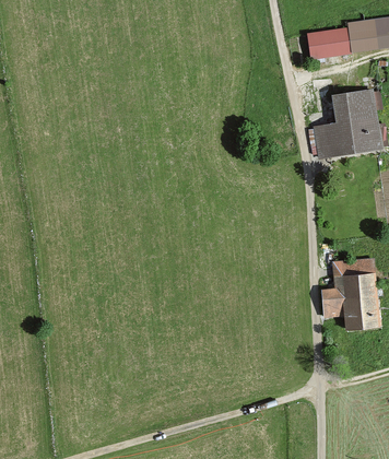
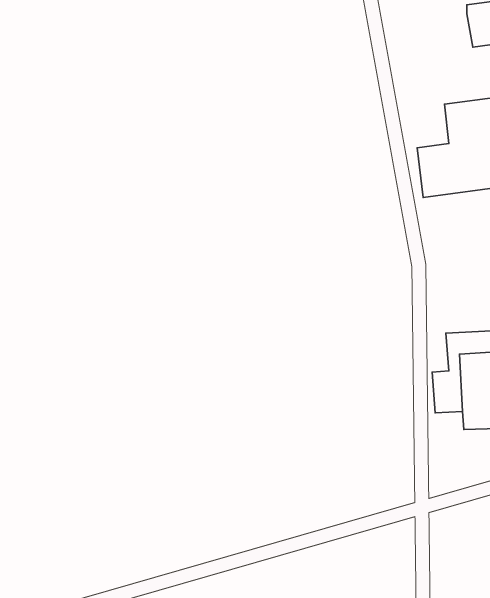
building: [306,28,352,59] -> none

